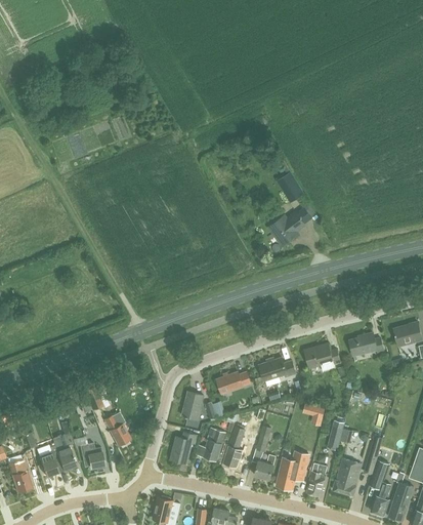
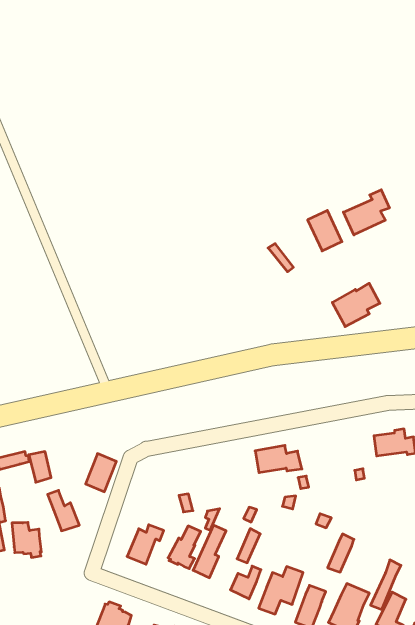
building: none -> [343,190,389,235]
building: [269,210,306,246] -> [332,283,380,327]
building: [304,344,341,370] -> none
building: [217,370,251,394] -> none
building: [182,391,204,419] -> [86,454,116,492]

